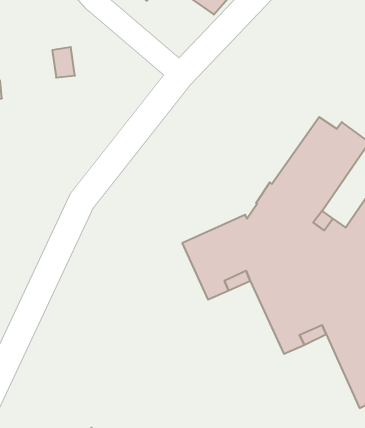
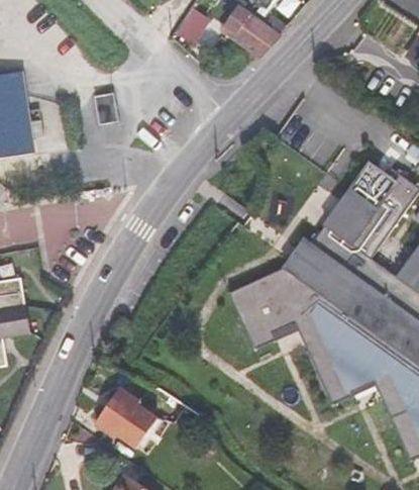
building: none -> [95,387,158,448]

